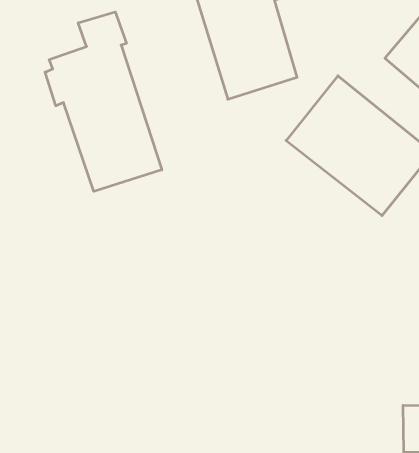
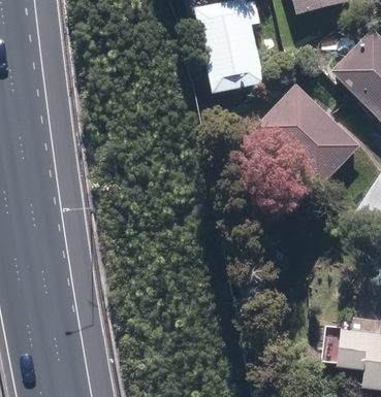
building: [45,12,162,191] -> none

